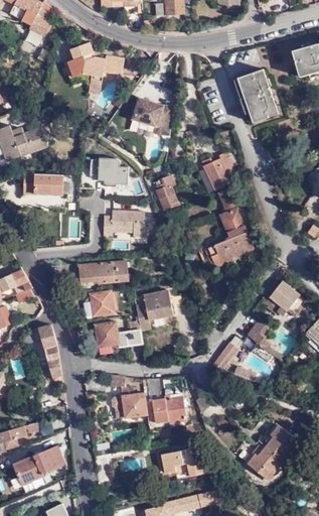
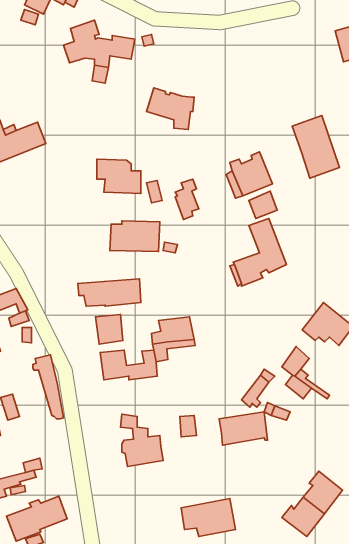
building: [237,69,278,122] -> [292,115,339,178]
building: [19,173,62,194] -> none
building: [145,397,186,425] -> [219,412,268,445]

